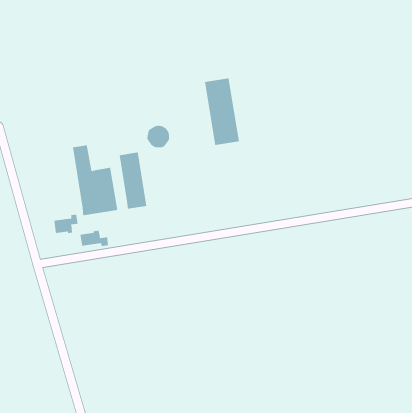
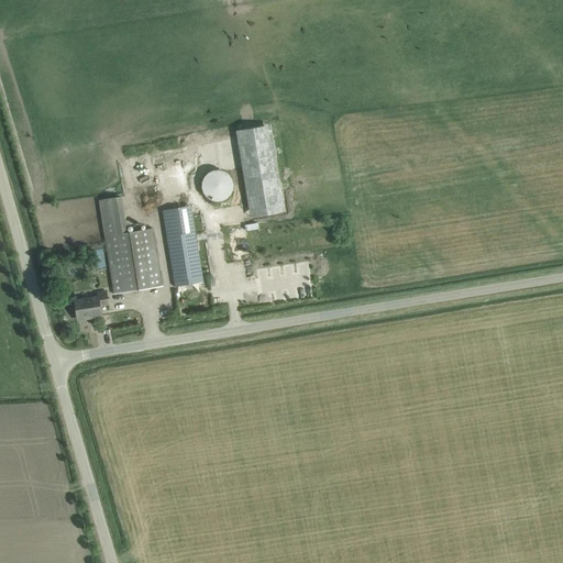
building: [204,78,240,146] -> [235,124,284,217]
building: [80,230,109,247] -> none

